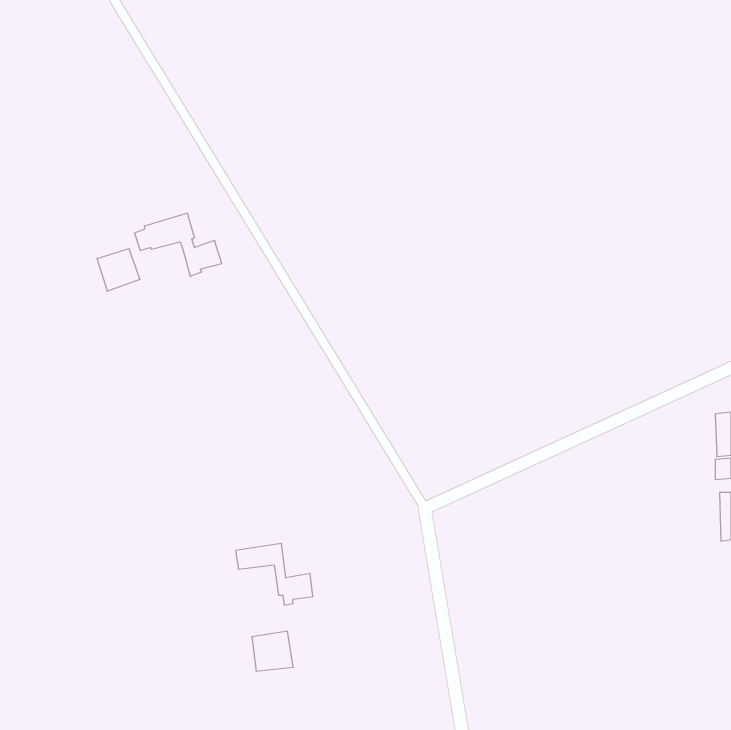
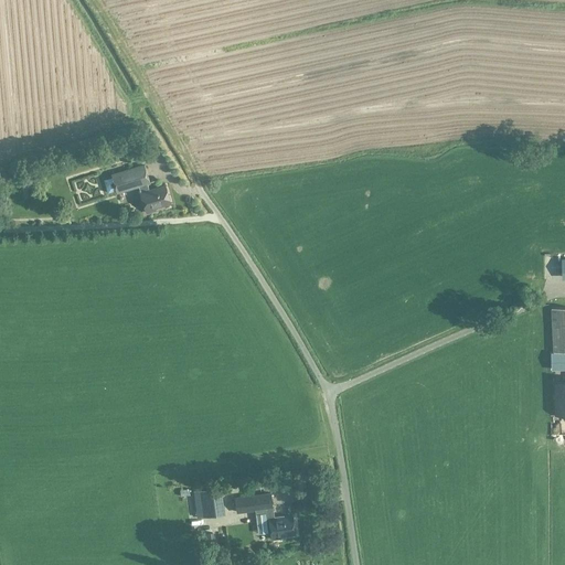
building: [97,248,140,291] -> none
building: [236,543,313,605] -> [235,493,295,541]

